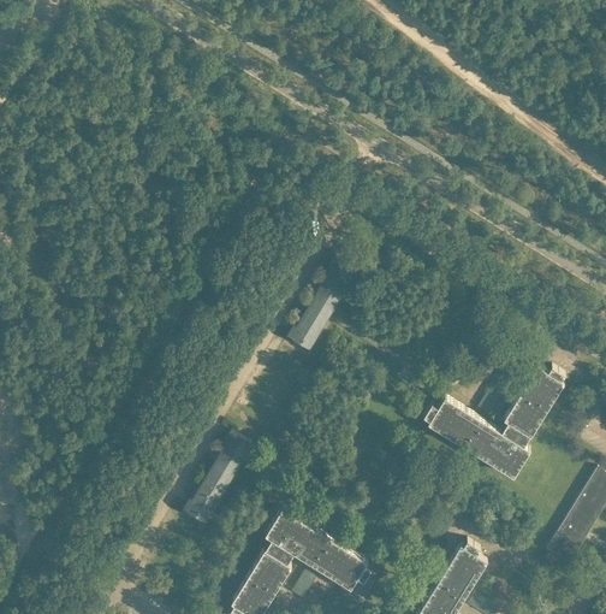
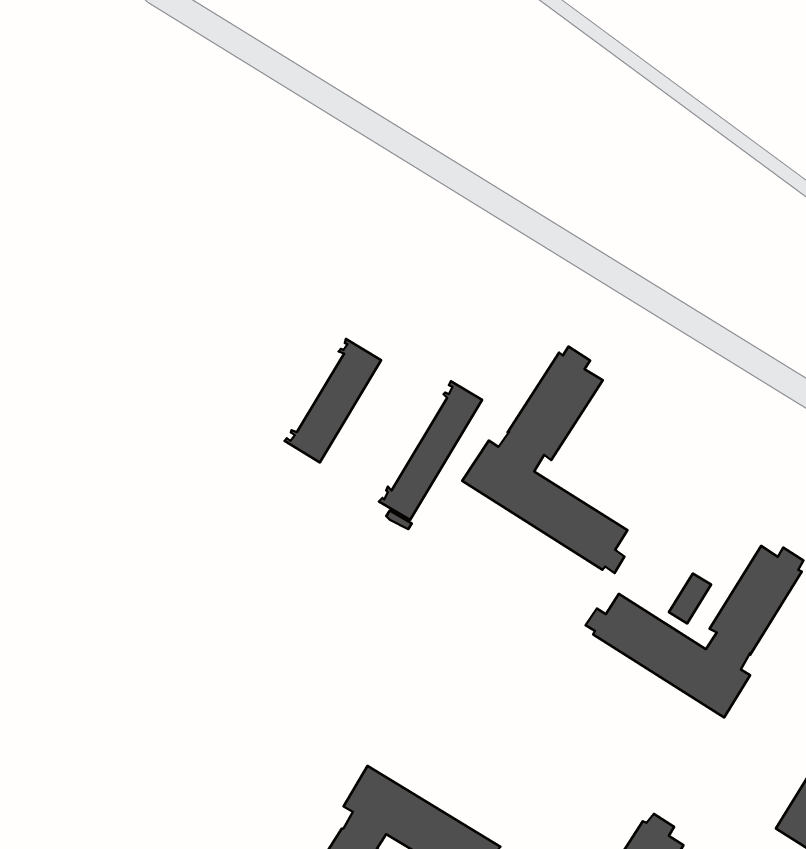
building: none -> [285,339,381,462]
building: none -> [462,347,627,573]
building: [184,435,250,524] -> none

